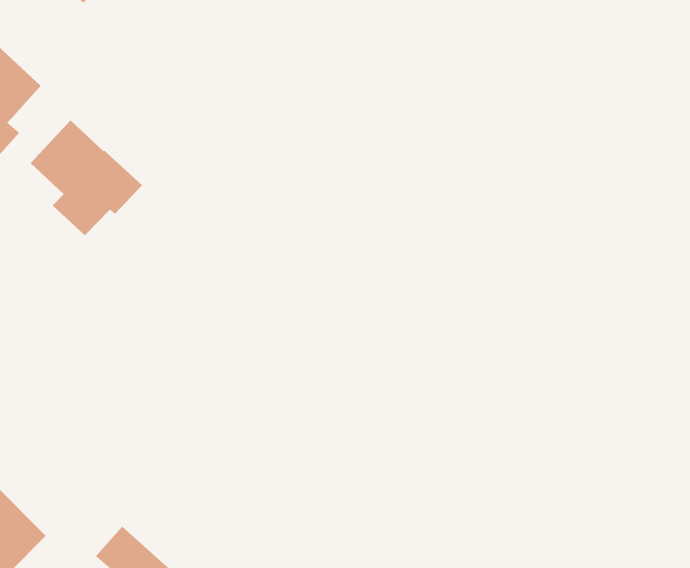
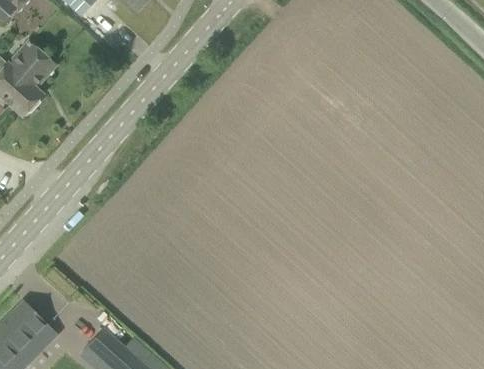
building: [30,119,143,236] -> none

